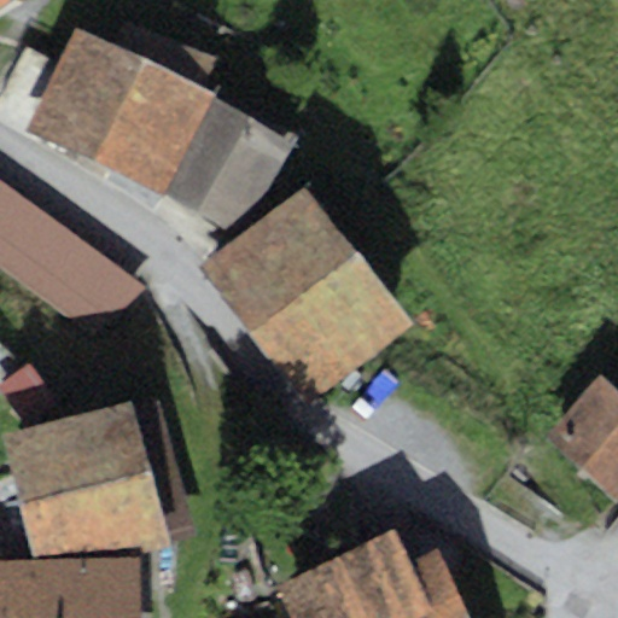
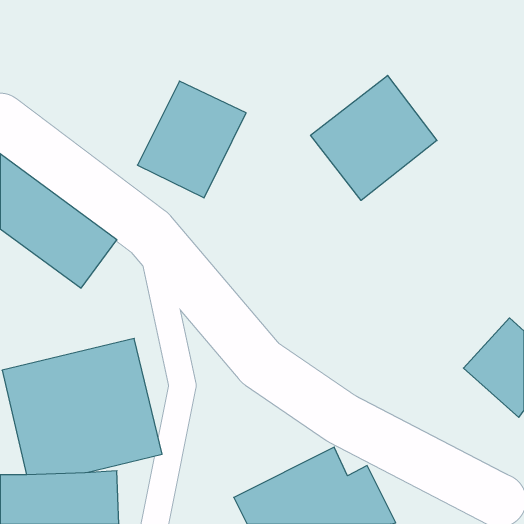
building: [24,14,214,194] -> none
building: none -> [311,75,437,200]
building: [200,186,409,402] -> none

